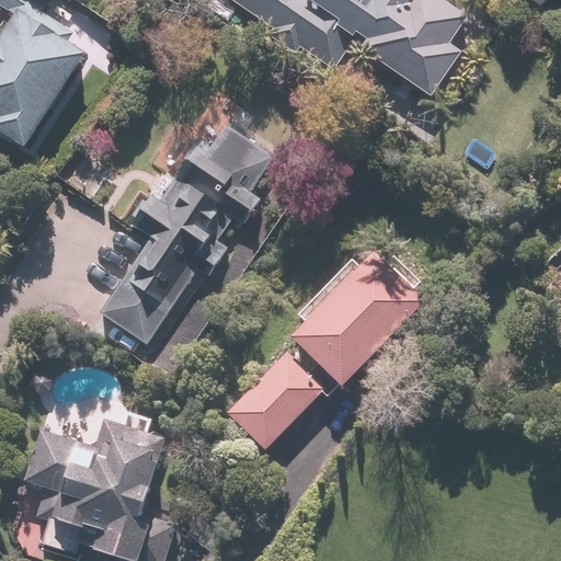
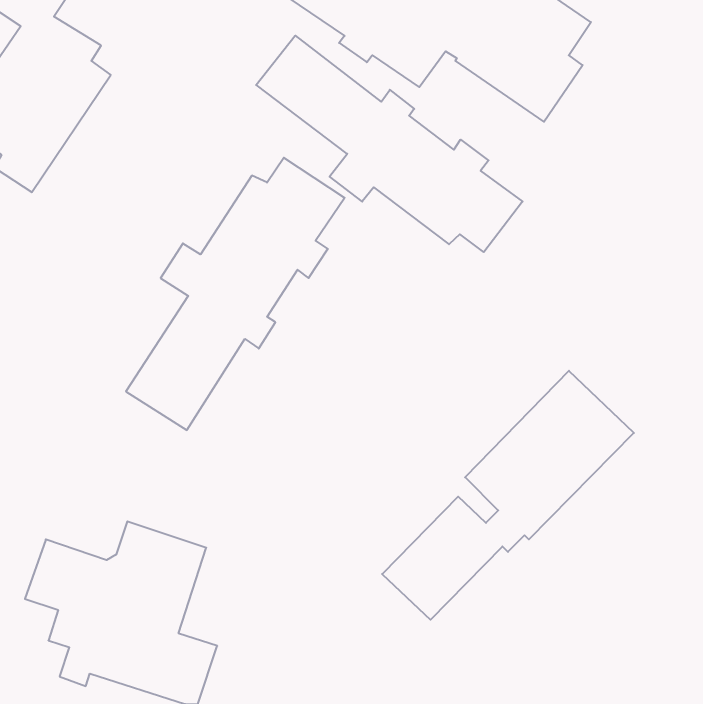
building: none -> [256,36,523,252]
building: [227,251,426,448] -> [382,371,634,620]

